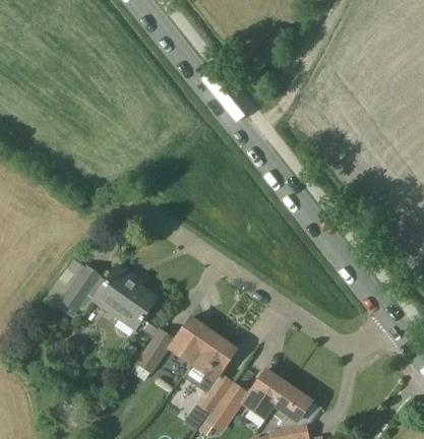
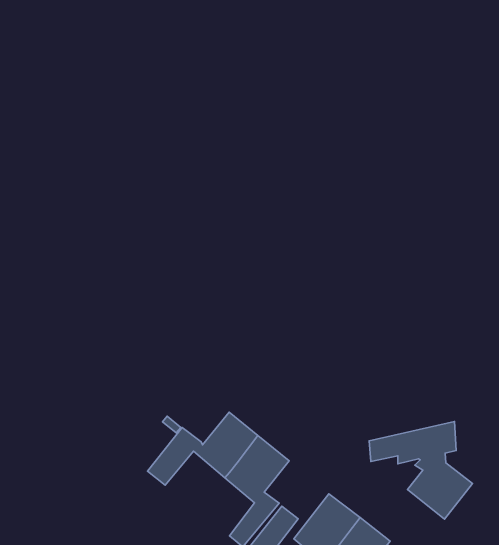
building: [58,266,156,330] -> none
building: none -> [369,422,472,519]

